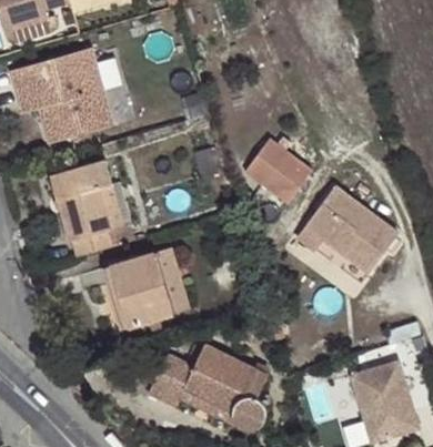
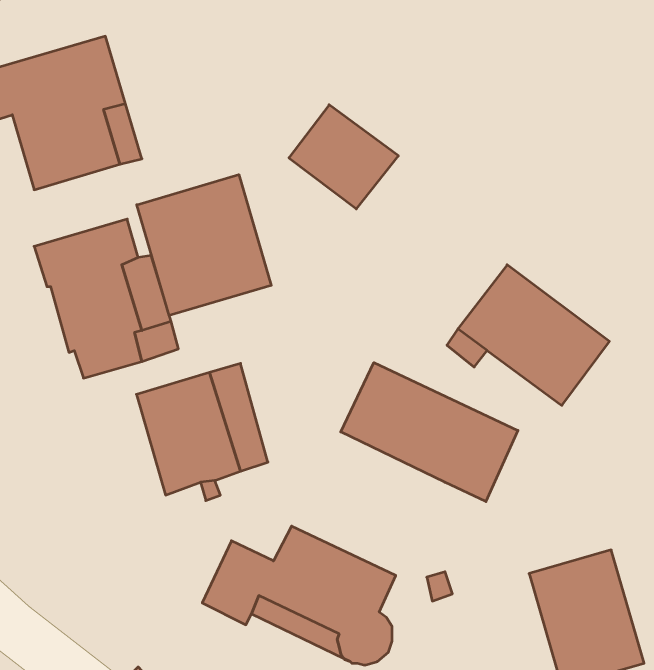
building: none -> [137,175,271,315]
building: [244,140,311,203] -> [289,105,398,209]
building: none -> [341,363,518,502]

